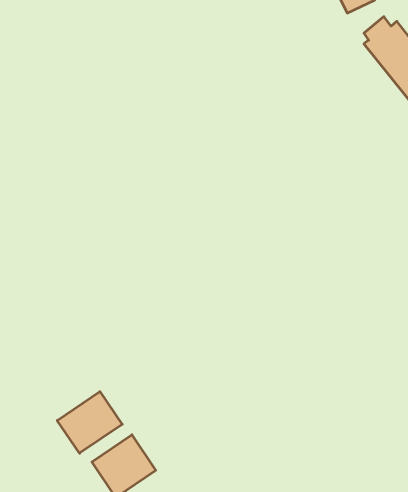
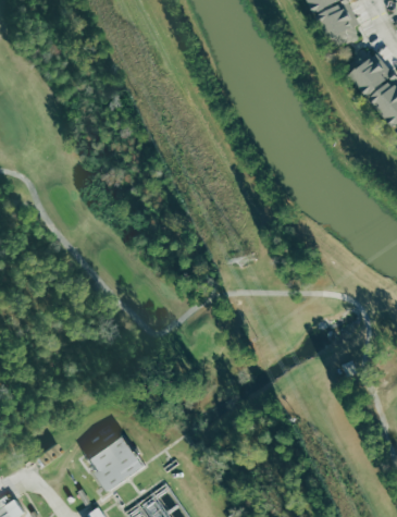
building: [57,392,122,453] -> none

